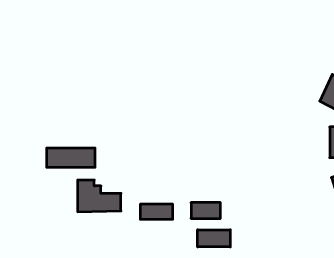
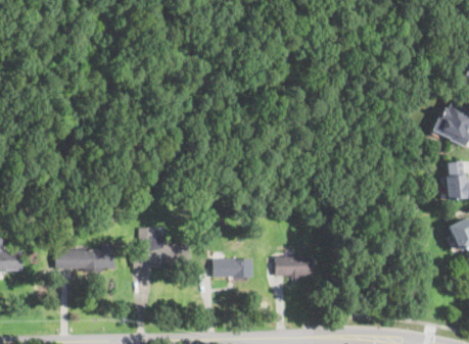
building: [47,148,95,167] -> [56,247,115,271]
building: [198,230,230,247] -> none

